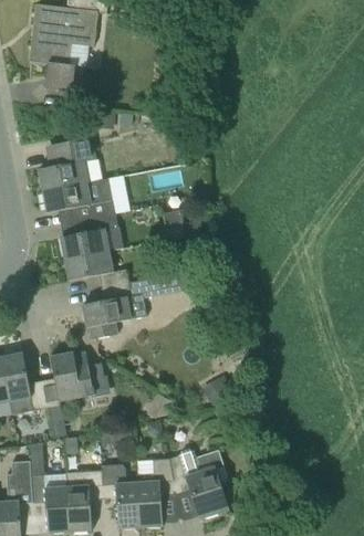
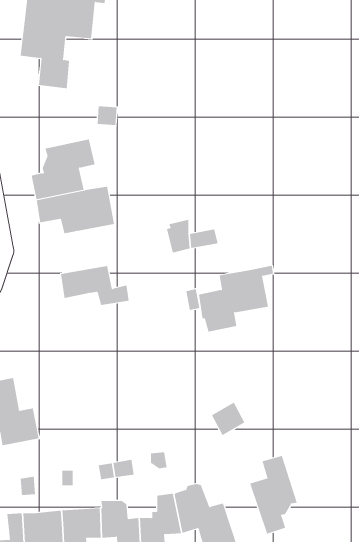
building: [60,213,116,259] -> none
building: [82,278,150,339] -> [198,265,274,332]
building: [40,353,104,408] -> none
building: none -> [250,455,298,535]

